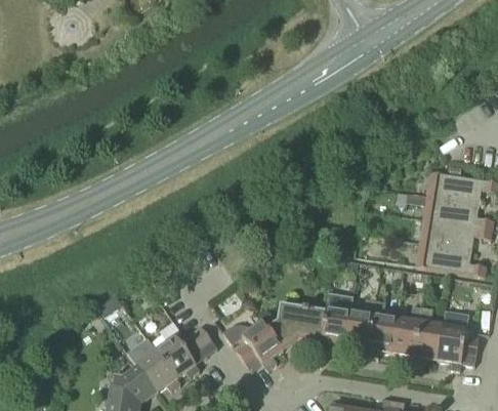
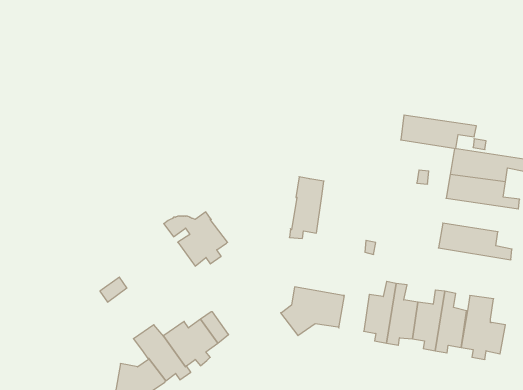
building: [420,217,492,249] -> [401,115,476,149]
building: [320,290,352,348] -> [289,177,324,238]
building: [222,319,283,370] -> [164,212,228,266]

